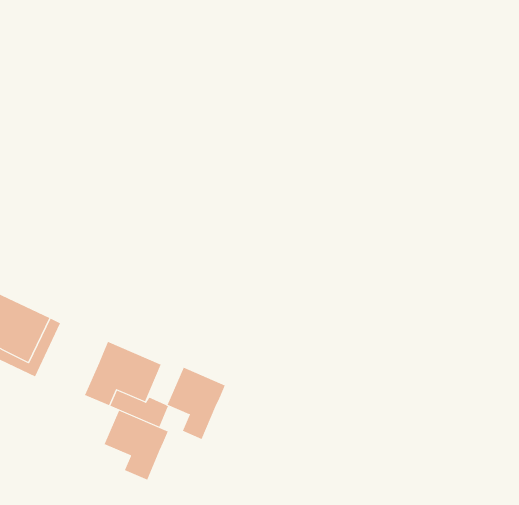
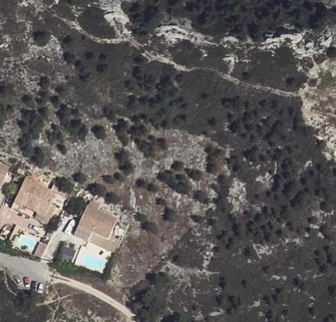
building: [167,367,226,440] -> none
building: [104,410,169,481] -> none

